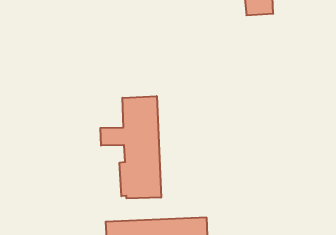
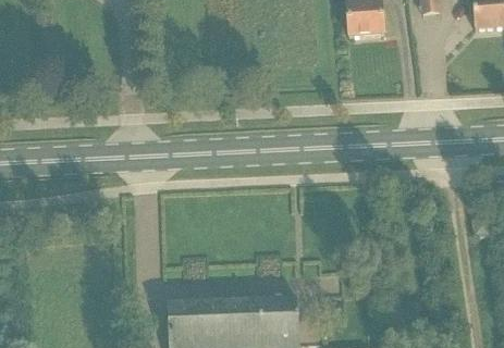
building: [100,96,161,198] -> none

